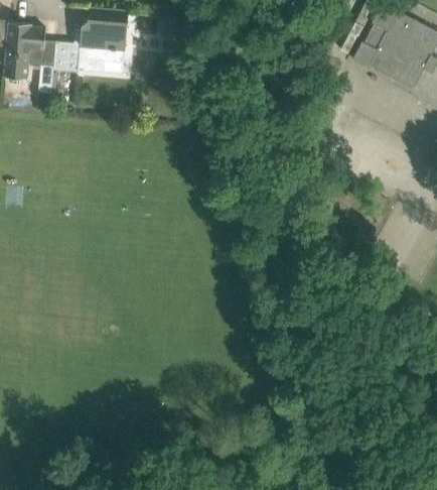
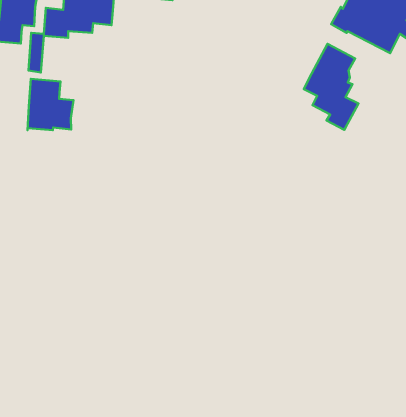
building: none -> [304,44,358,130]
building: none -> [27,79,74,130]

